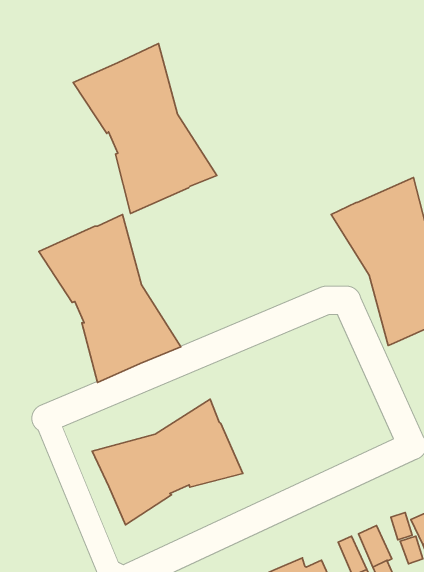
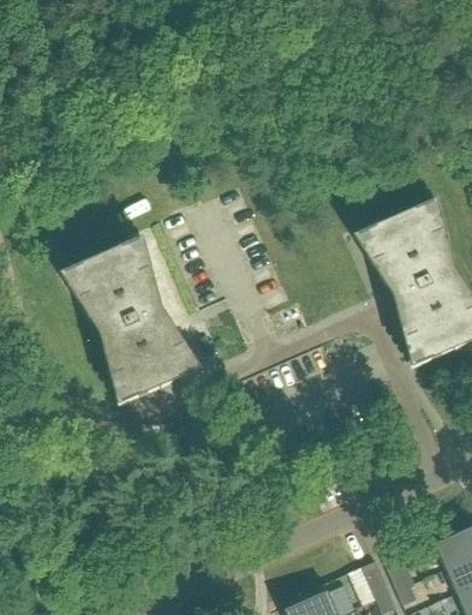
building: [73,44,217,213] -> none
building: [92,399,243,525] -> none

